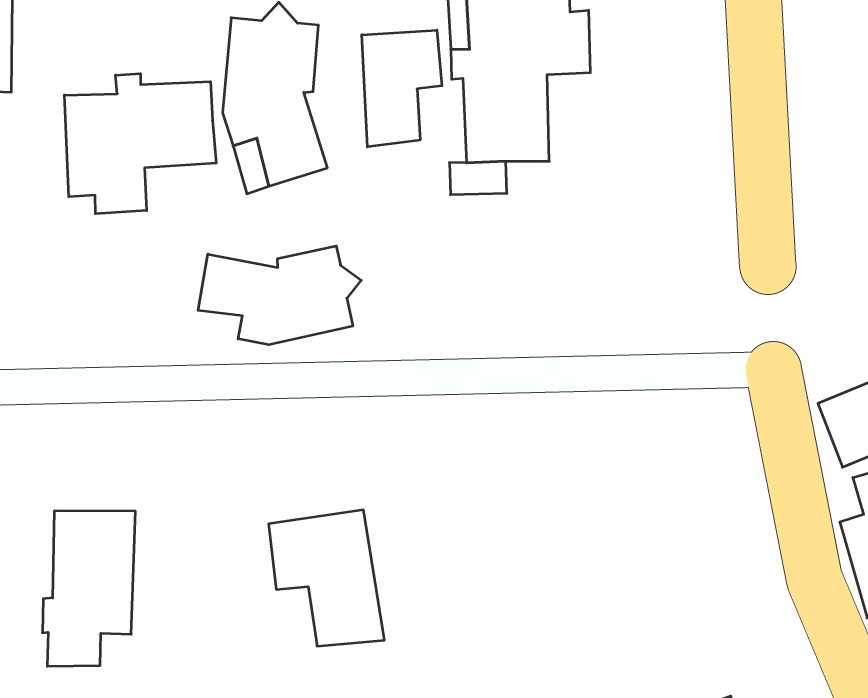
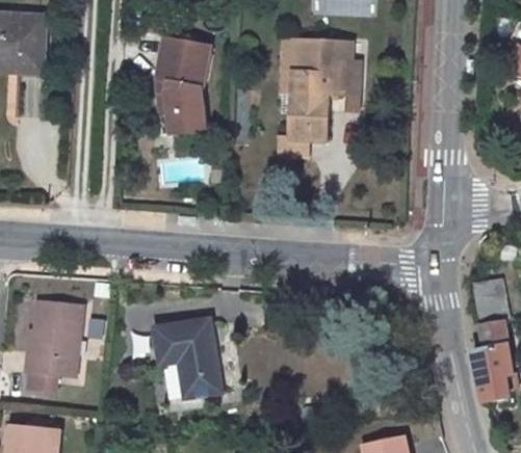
building: [362,30,442,147] -> none
building: [64,74,216,214] -> none
building: [198,246,361,345] -> none

